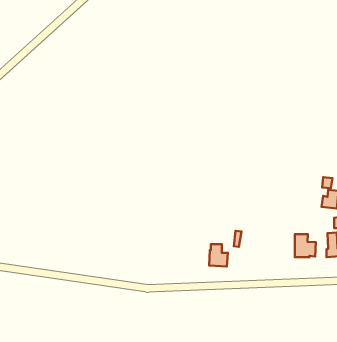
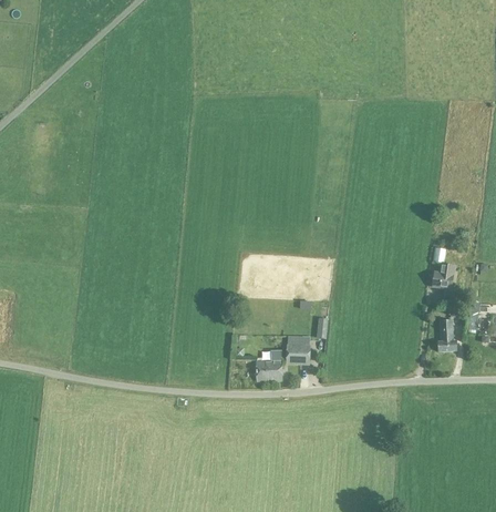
building: [295,234,316,257] -> none
building: none -> [256,349,281,379]

